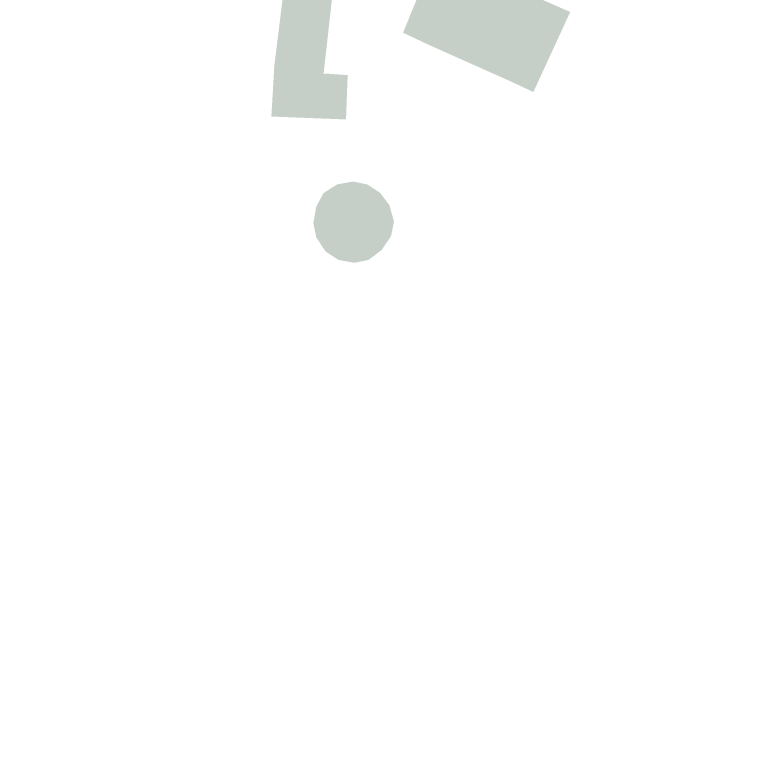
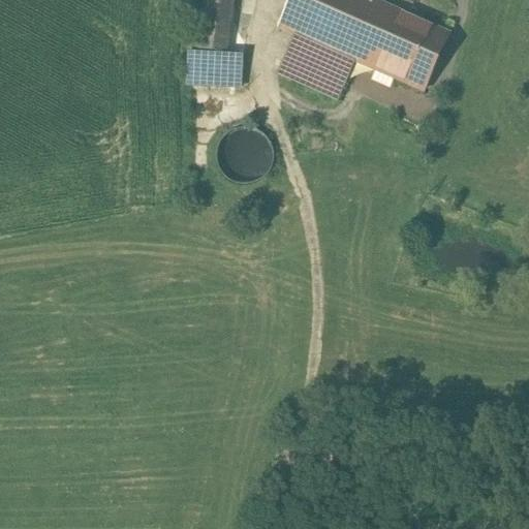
building: none -> [371,8,449,88]
building: none -> [280,31,355,96]

